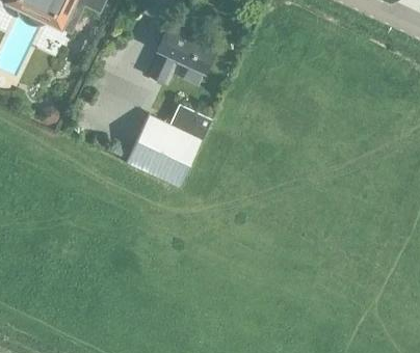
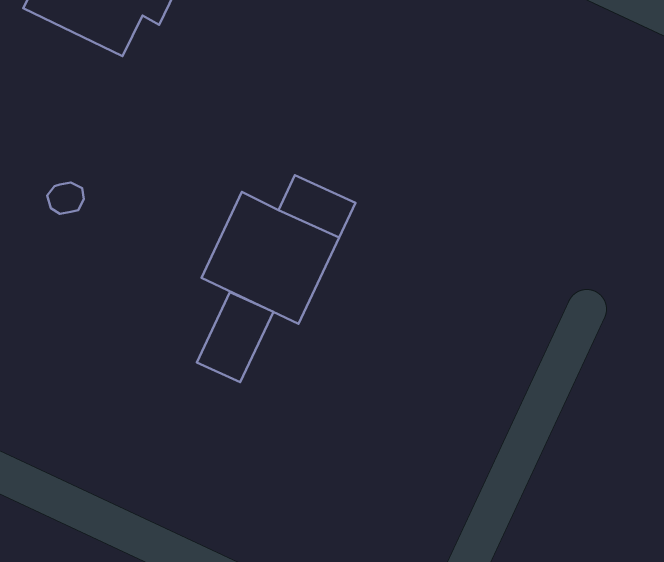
building: [149,28,216,82] -> none
building: none -> [197,292,273,382]

